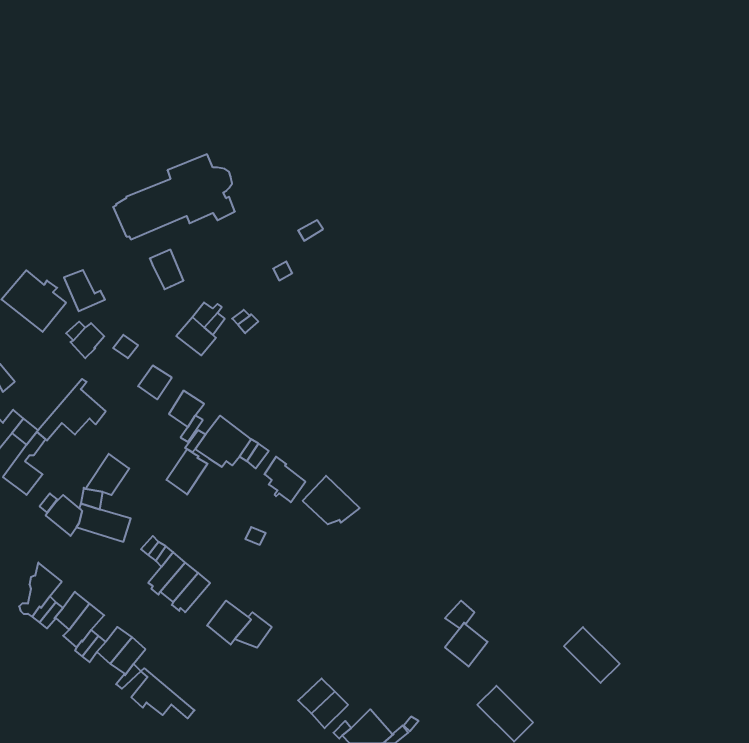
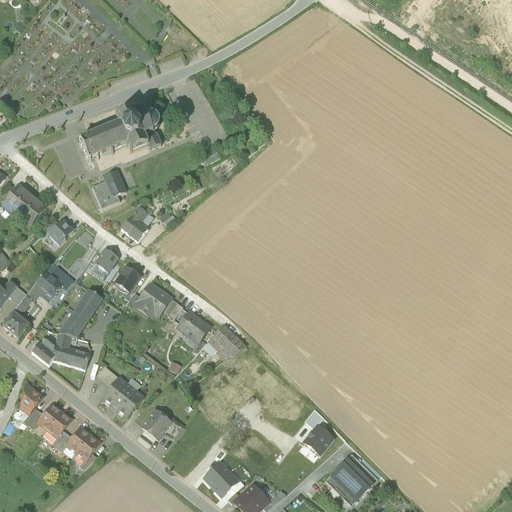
building: [64,270,105,311] -> [91,181,119,209]
building: [166,449,208,495] -> [74,288,102,319]
building: [564,627,620,683] -> [338,454,376,492]
building: [131,668,195,718] -> none

